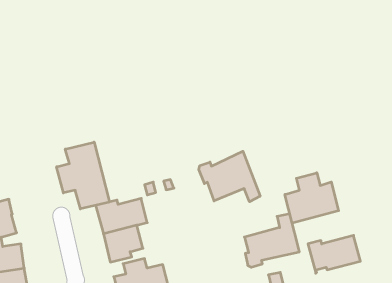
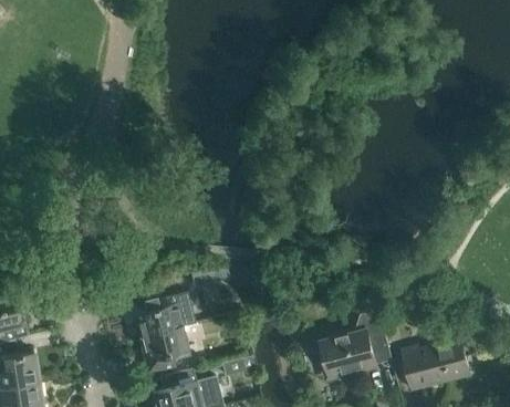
building: [57,142,109,209] -> none
building: [199,151,260,202] -> none
building: [285,173,339,223] -> none

